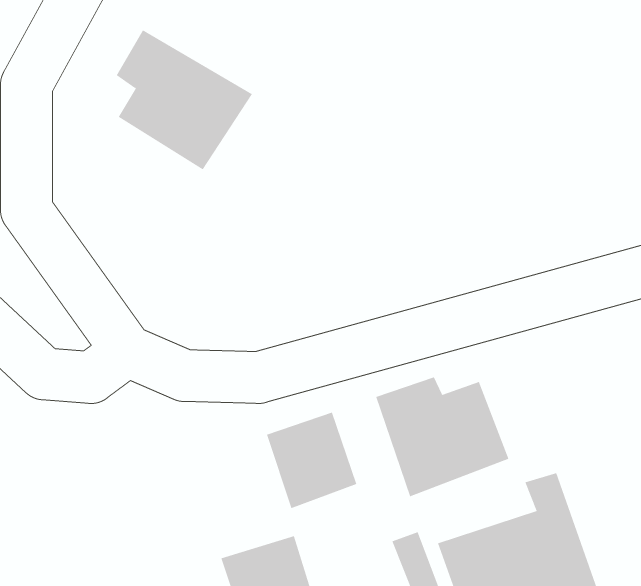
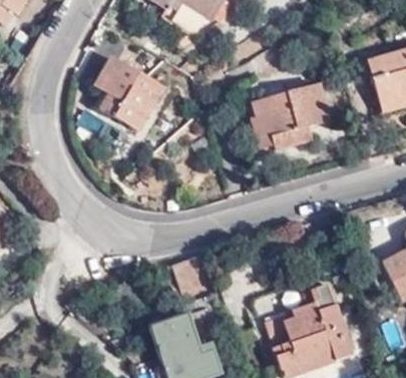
building: none -> [249,84,330,150]
building: [375,377,509,497] -> none

